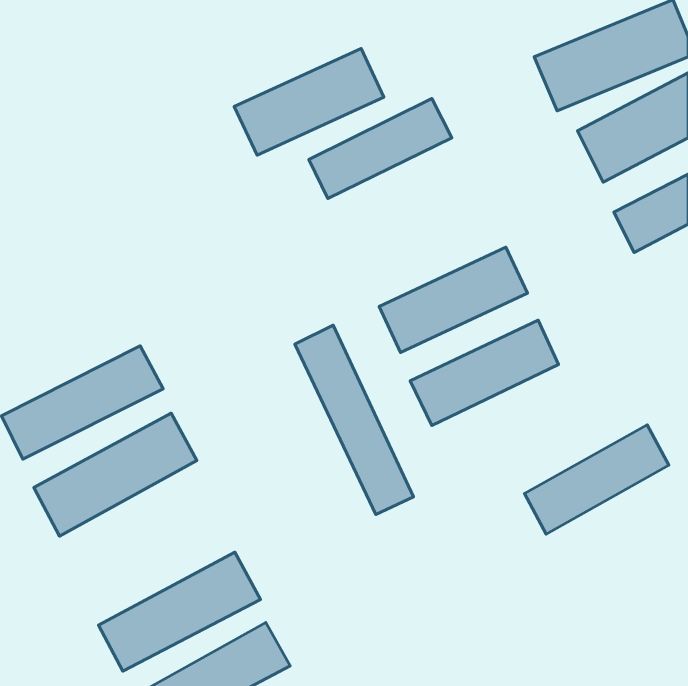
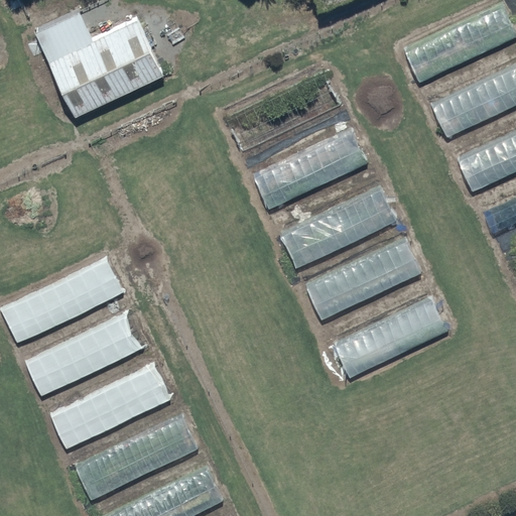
building: none -> [35,8,164,116]
building: [234,49,384,155] -> [253,129,365,209]
building: [295,325,414,515] -> none
building: [524,425,669,534] -> [335,297,442,379]
building: none -> [48,365,169,450]

